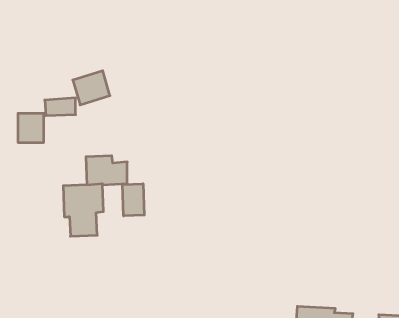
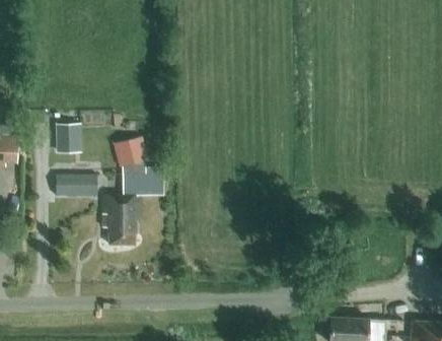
building: [73,71,110,105] -> [112,134,148,167]
building: none -> [54,166,95,197]
building: [122,184,144,216] -> none

